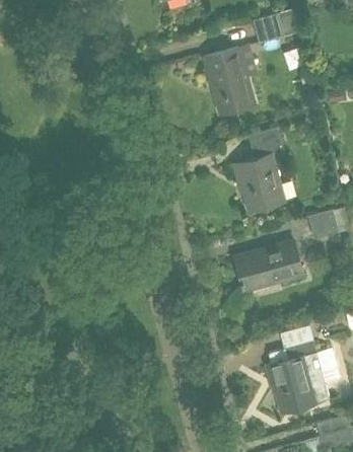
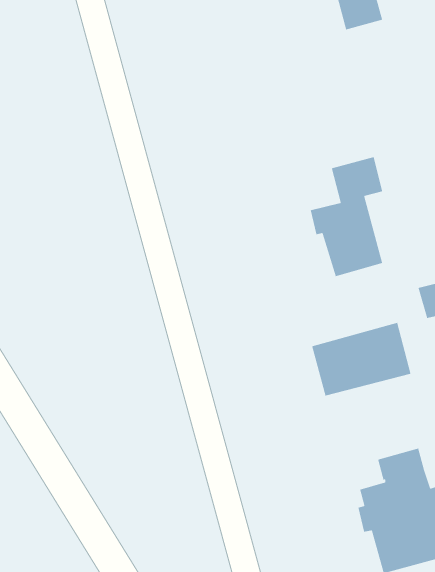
building: [205,47,258,116] -> none

